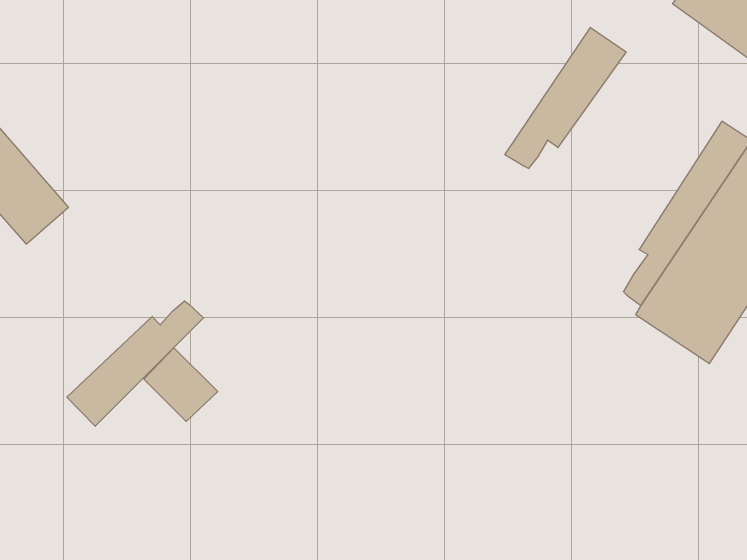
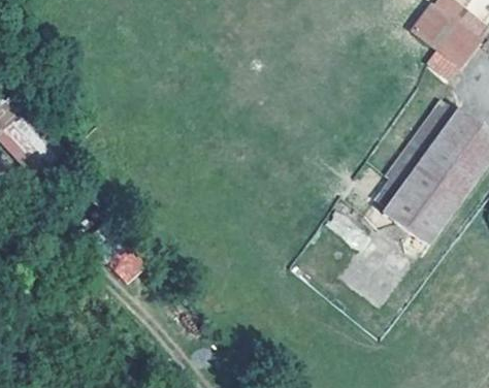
building: [505,27,626,169] -> none
building: [67,301,204,426] -> none

